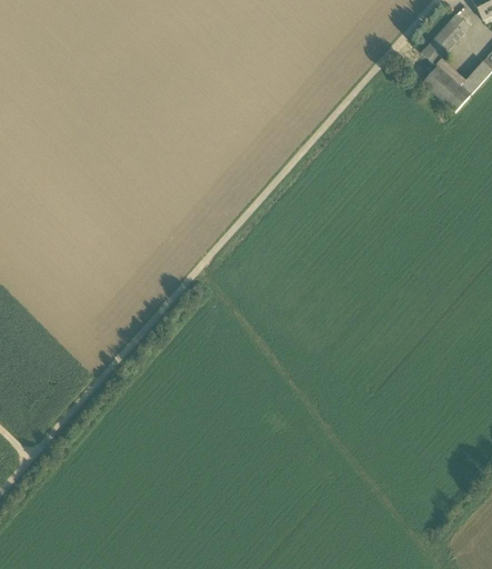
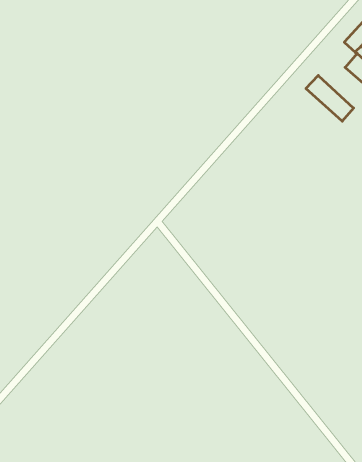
building: none -> [306,75,354,121]

